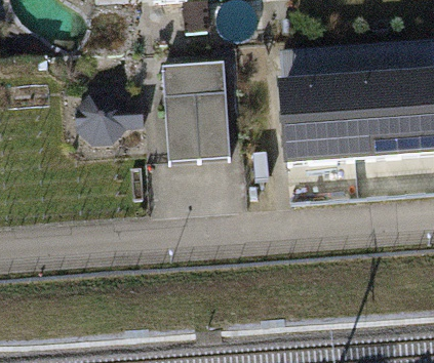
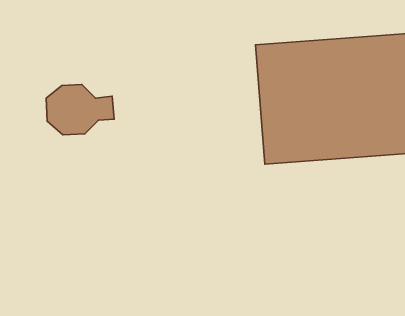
building: [163,68,231,165] -> none

